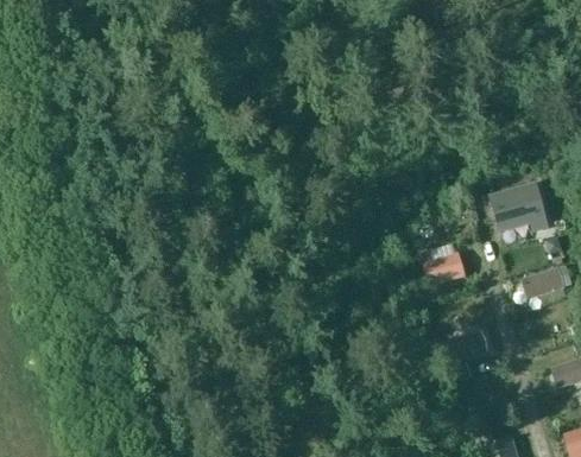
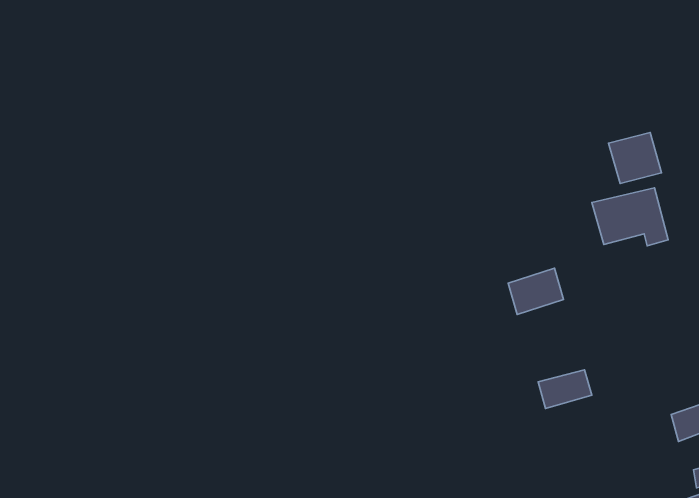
building: none -> [609,132,661,183]
building: [519,265,564,299] -> none

